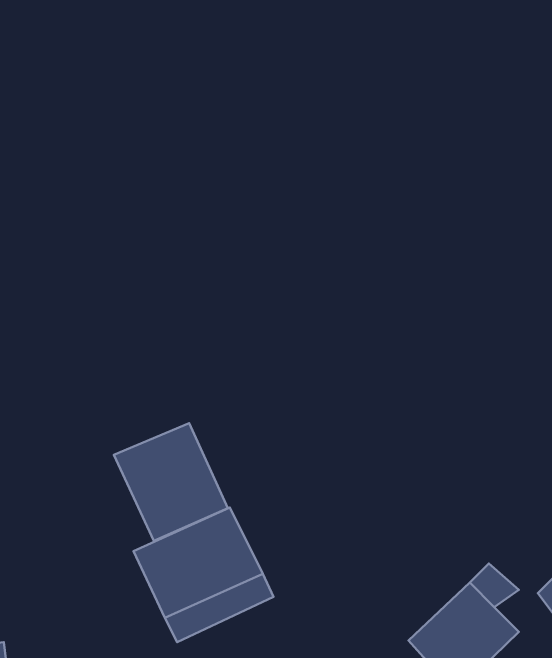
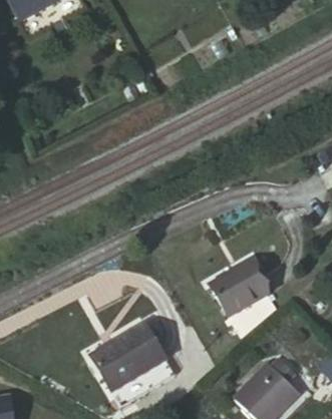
building: none -> [208,266,260,318]
building: [114,423,228,541] -> none

